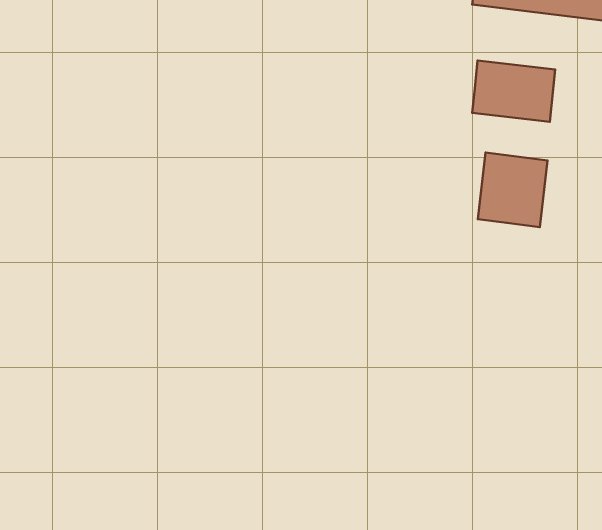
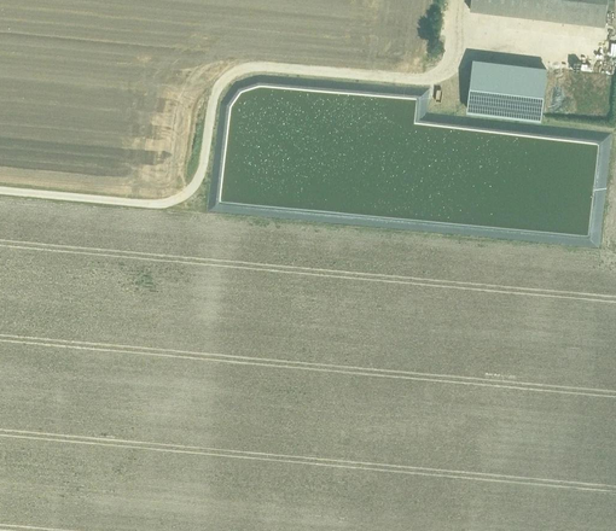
building: [478,153,548,227] -> none

